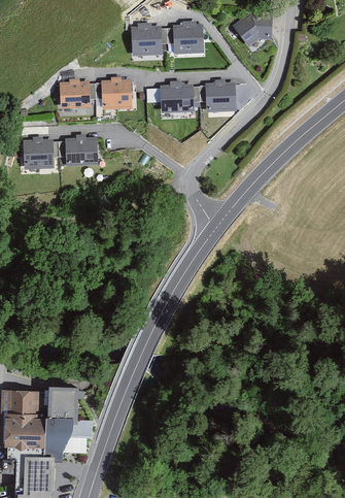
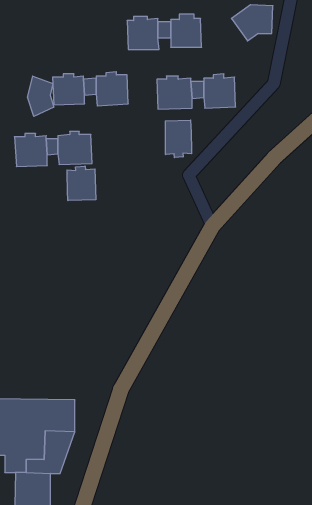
building: none -> [28,76,54,116]
building: none -> [165,120,192,158]
building: none -> [67,166,96,201]

